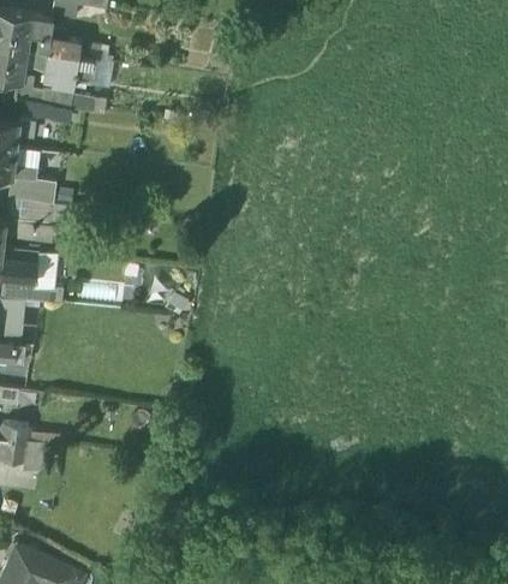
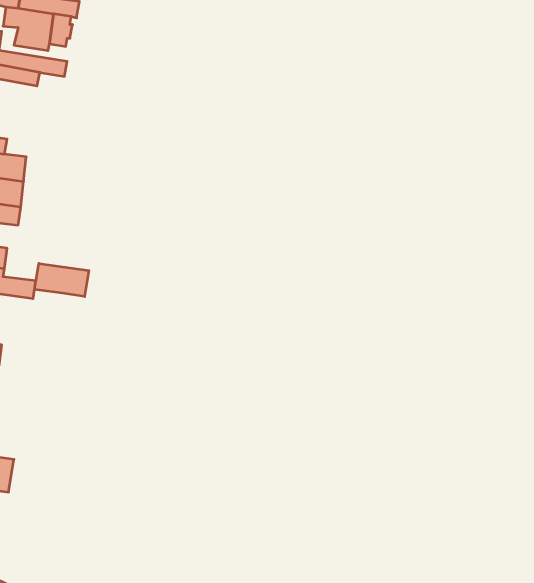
building: none -> [34,263,89,297]

